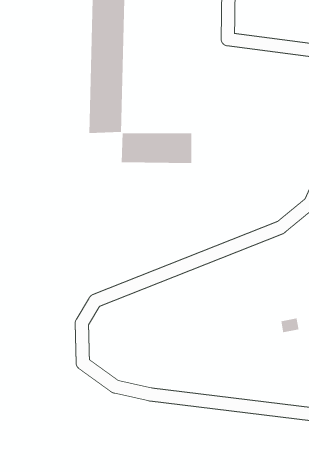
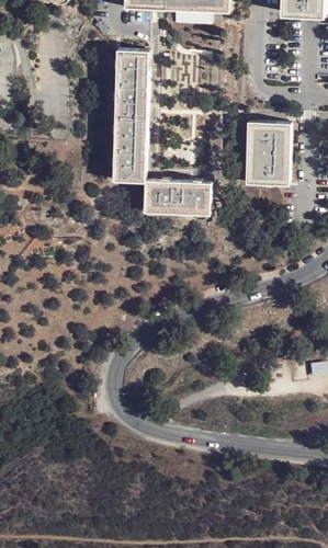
building: none -> [246,123,290,185]

